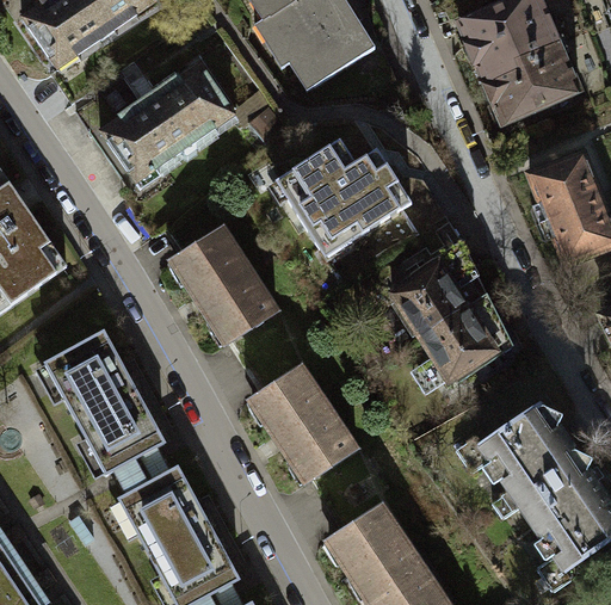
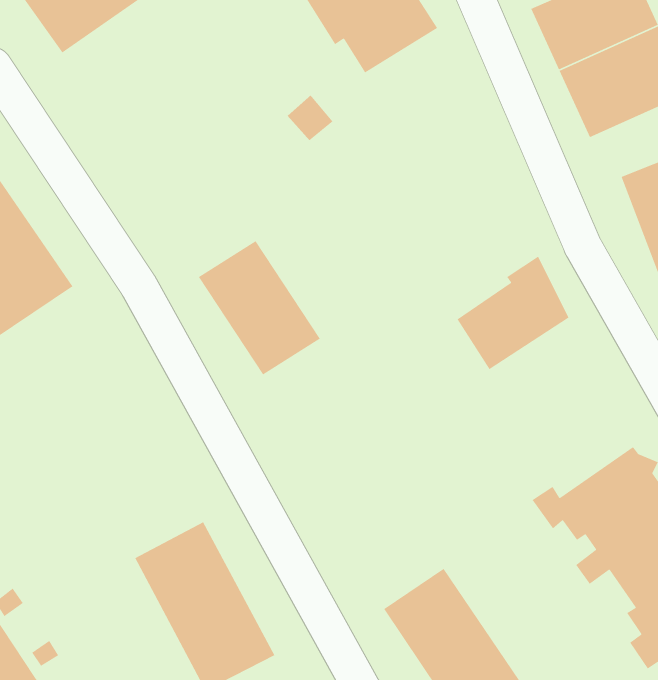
building: [98,62,233,187] -> none
building: [267,144,409,249] -> none
building: [418,292,512,378] -> none
building: [42,329,166,476] -> none
building: [253,365,356,479] -> none

